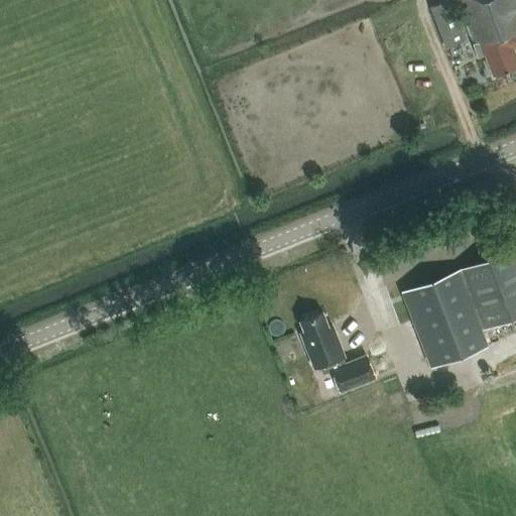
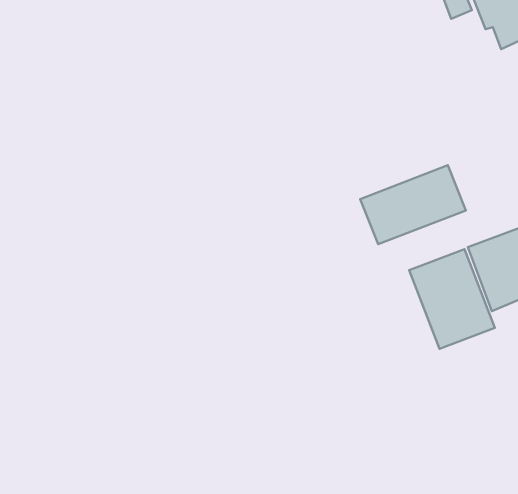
building: none -> [360,165,466,244]
building: [301,315,378,394] -> none

